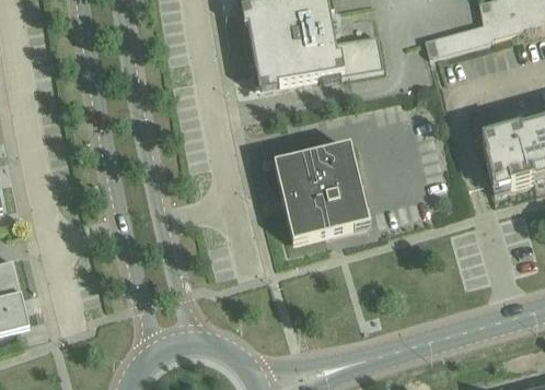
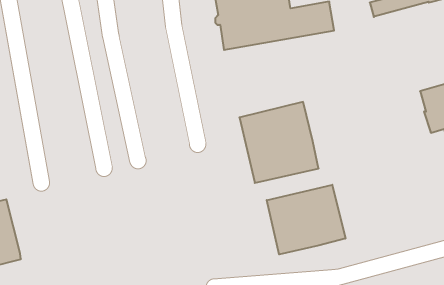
building: none -> [267,185,345,254]

